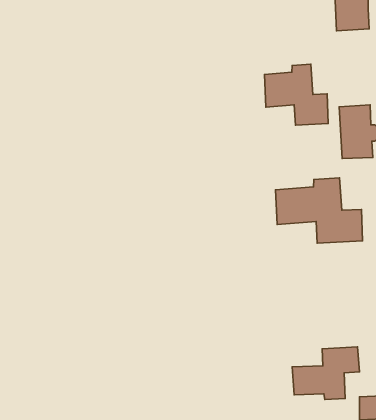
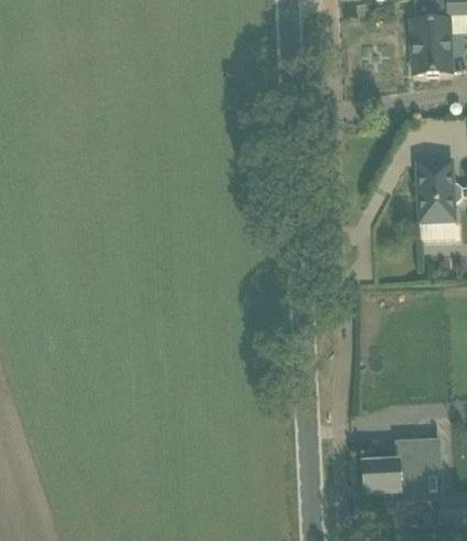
building: [264,64,328,125] -> none
building: [276,178,363,243] -> none

